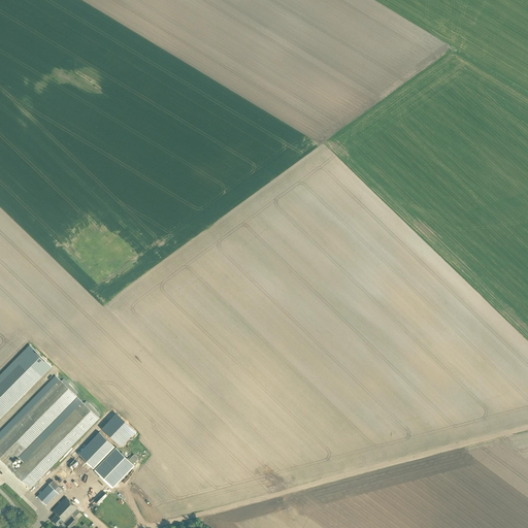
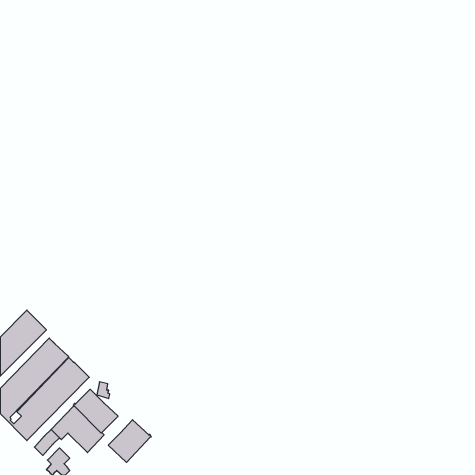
building: none -> [108,420,151,462]

